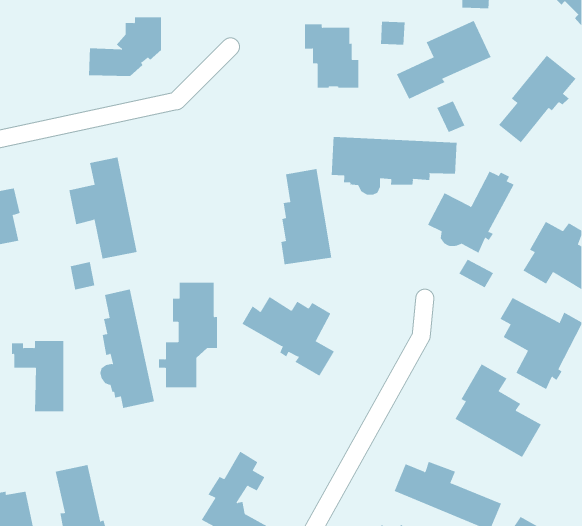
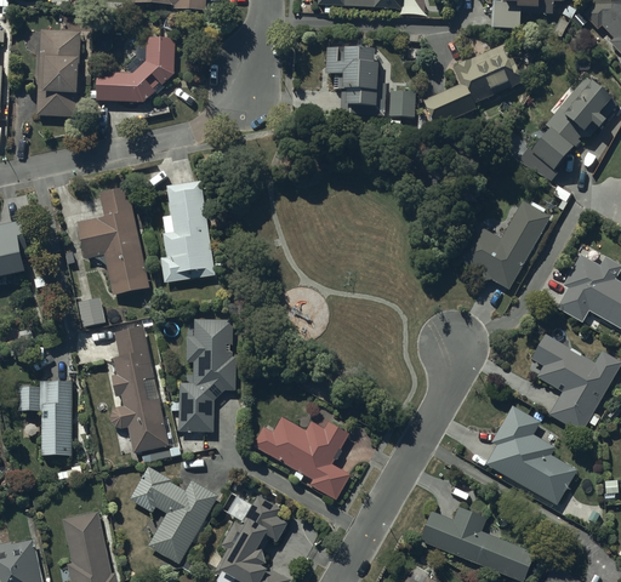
building: none -> [36,29,81,118]
building: [380,21,405,45] -> [388,87,415,113]
building: [437,101,465,133] -> none
building: [331,136,457,196] -> none
building: [280,168,332,265] -> [160,179,215,281]
building: [459,259,494,288] -> none
building: [242,296,335,377] -> [252,416,351,501]
building: none -> [129,466,217,564]

